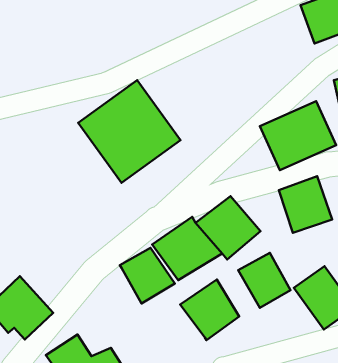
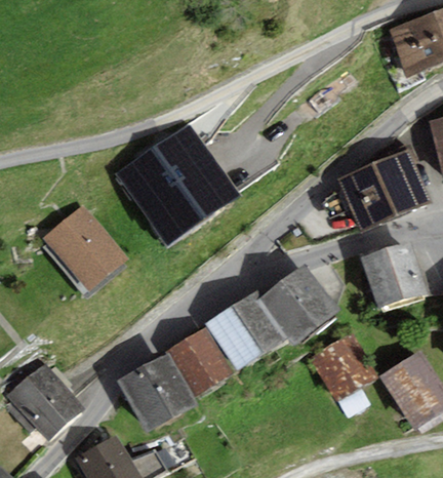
building: none -> [43,204,129,292]
building: none -> [117,353,197,434]
building: [180,279,239,340] -> none

